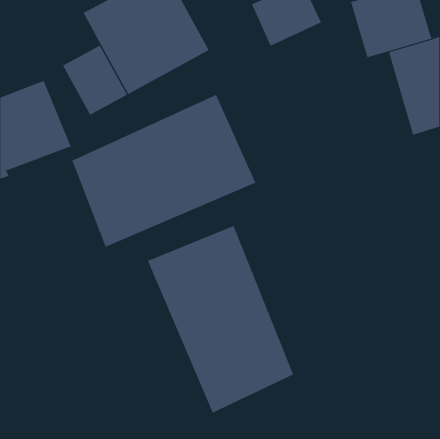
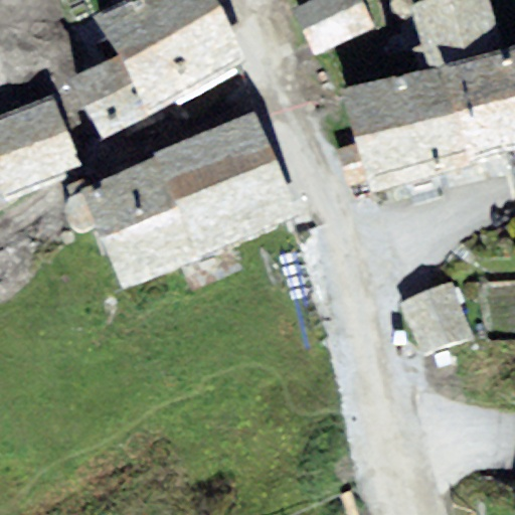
building: none -> [345,60,481,188]
building: [147,225,294,413] -> none
building: none -> [398,281,472,356]

